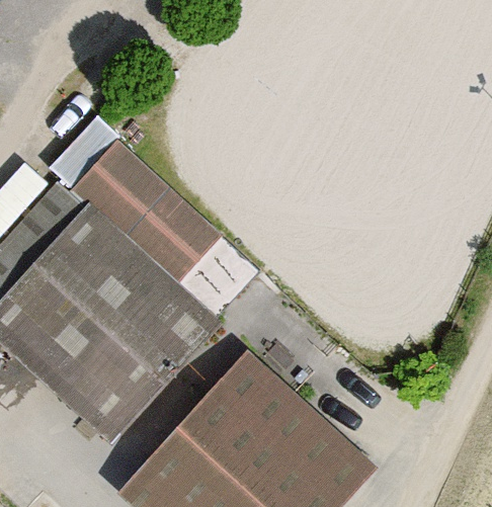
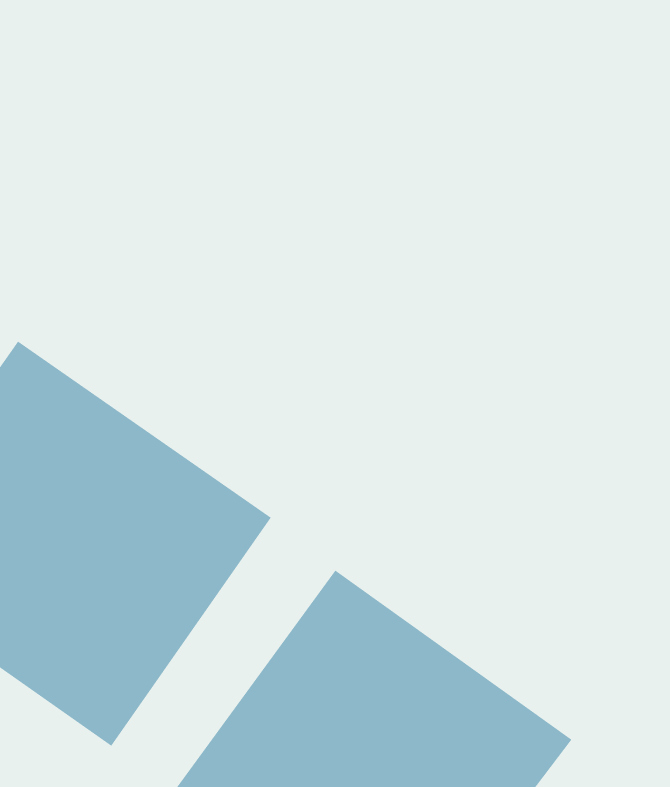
building: [78,132,256,306] -> none

